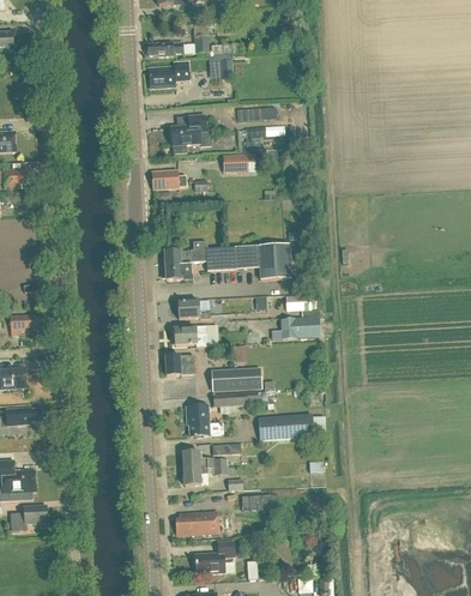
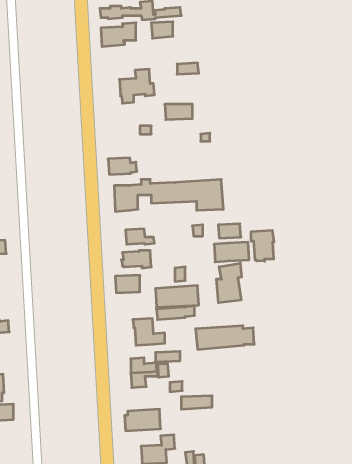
building: [151,169,185,188] -> [108,158,137,174]
building: none -> [251,230,274,261]
building: none -> [216,263,242,303]

